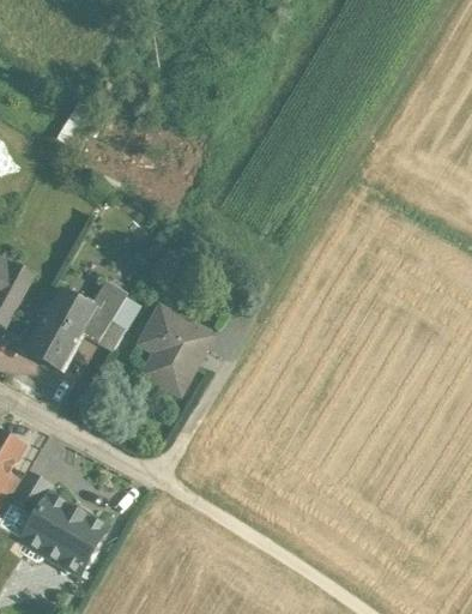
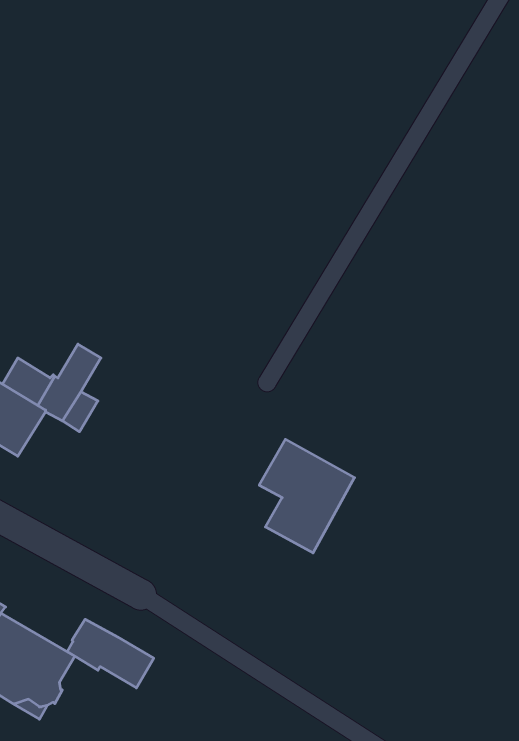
building: [137,305,211,393] -> [259,439,355,553]
building: none -> [67,619,154,688]

